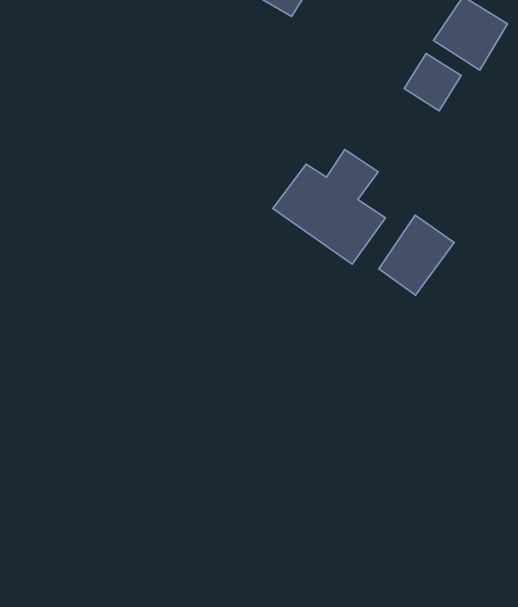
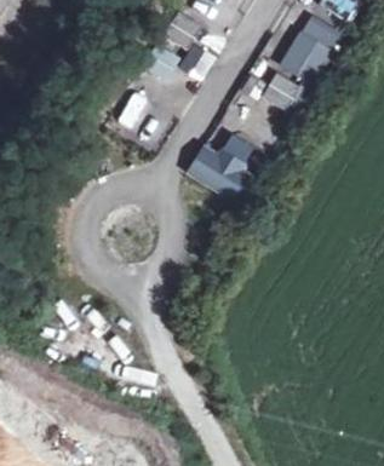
building: [379,215,454,295] -> none

